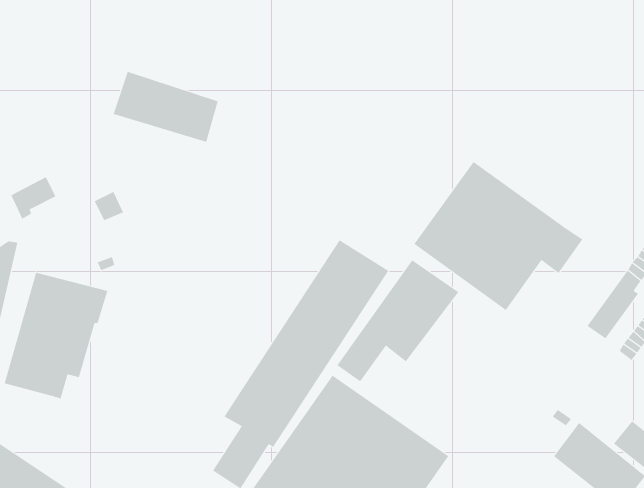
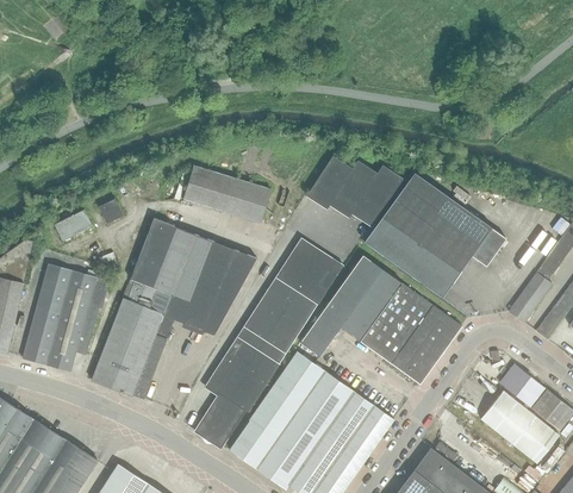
building: [113,71,218,143] -> [181,164,269,224]
building: none -> [306,156,403,226]
building: [11,177,56,219] -> [54,210,92,245]
building: none -> [91,218,256,399]
building: none -> [357,282,461,385]
building: none -> [500,366,543,407]

